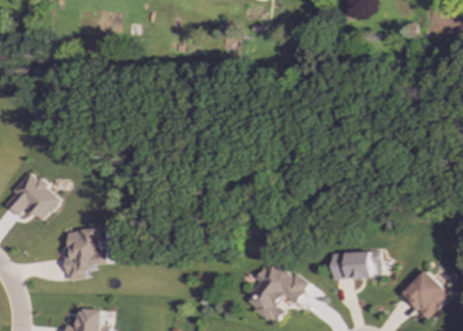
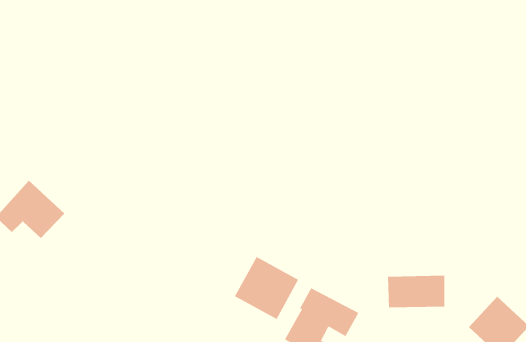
building: [65,227,109,279] -> none
building: none -> [234,256,299,320]

